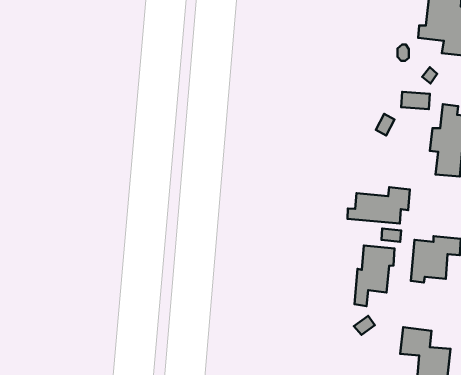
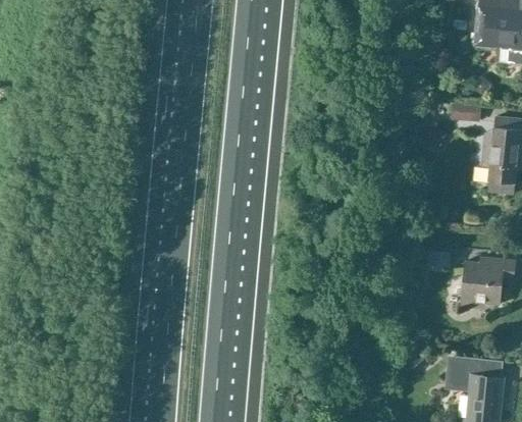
building: [348,187,410,224] -> none
building: [355,246,394,306] -> none

